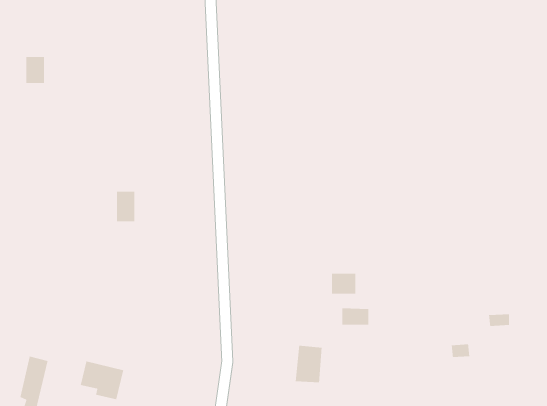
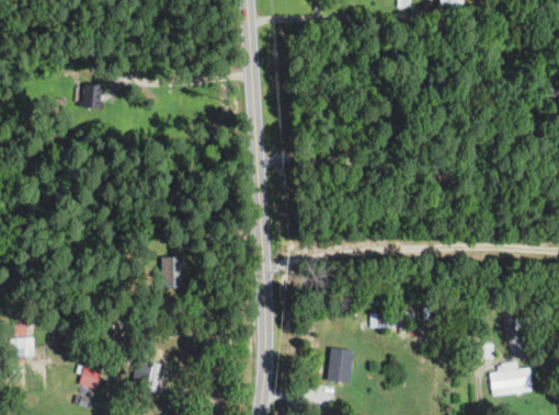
building: [116,191,135,222] -> [166,260,183,288]
building: [331,273,356,295] -> none
building: none -> [491,364,533,395]

